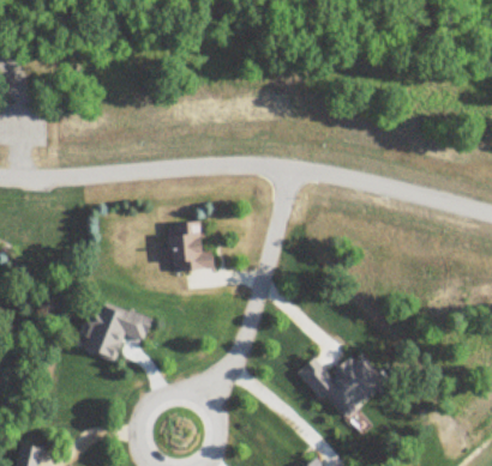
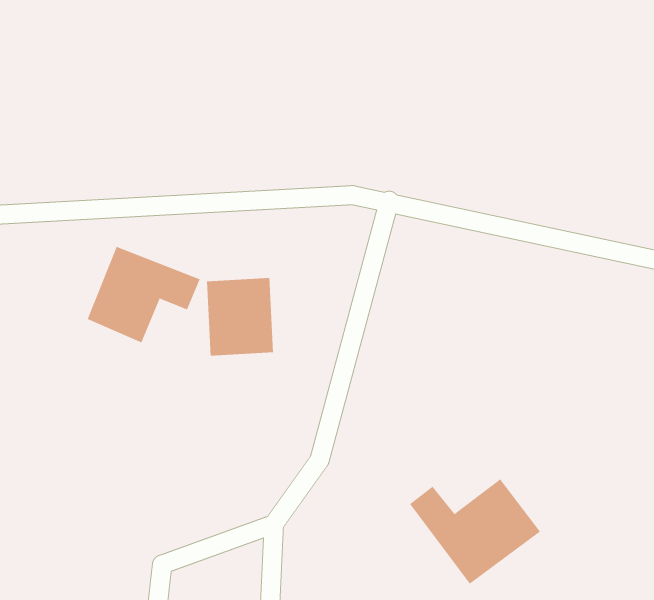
building: [78,299,152,363] -> [87,246,200,343]

